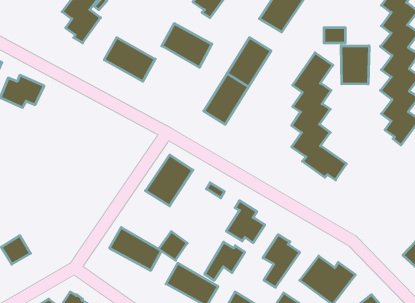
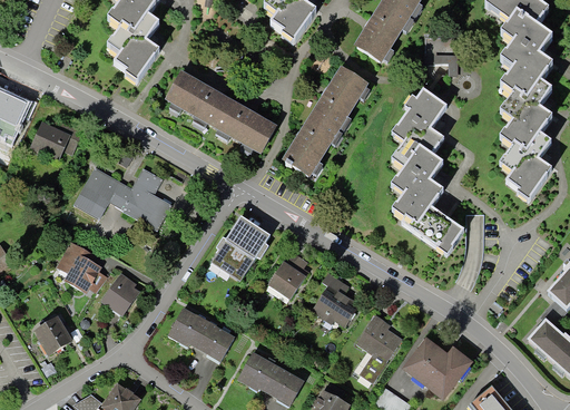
building: [162,24,212,67] -> [208,96,271,150]
building: [341,46,369,84] -> none
building: none -> [75,165,174,228]
building: none -> [58,241,108,292]
building: none -> [102,272,140,313]
building: [159,232,187,260] -> [268,260,304,295]
building: [205,242,245,280] -> none

